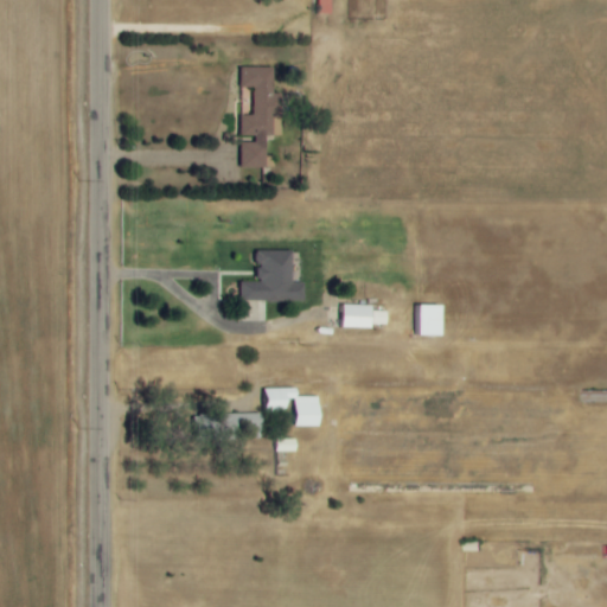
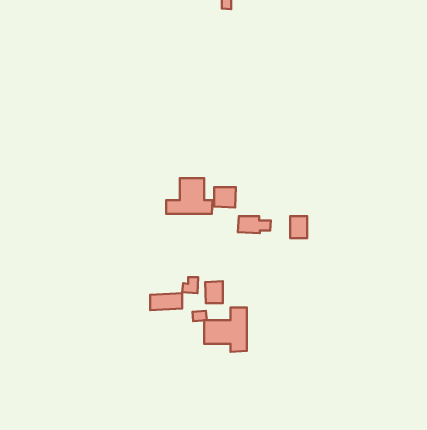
building: [241,65,283,166] -> none
building: none -> [214,187,236,208]
building: none -> [204,307,247,352]

